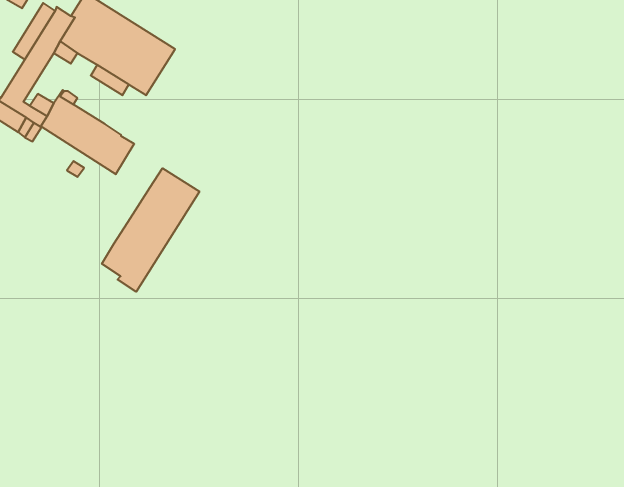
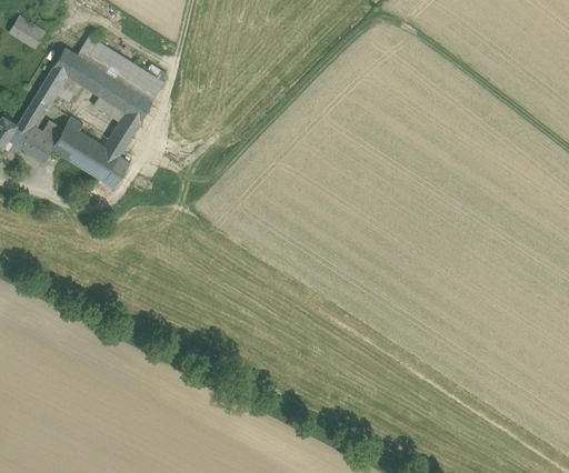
building: none -> [106,113,140,155]
building: [102,168,199,292] -> none

